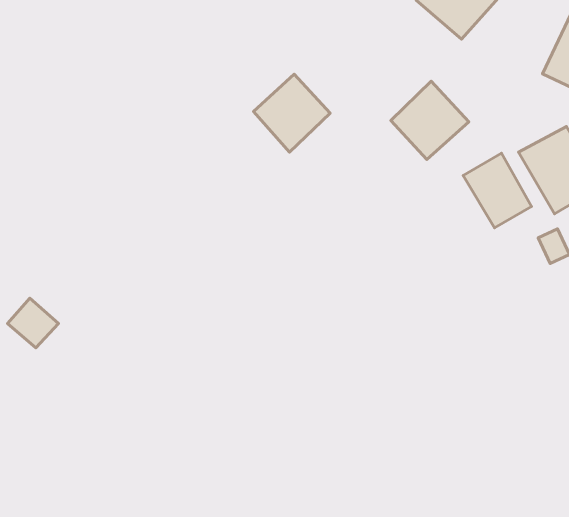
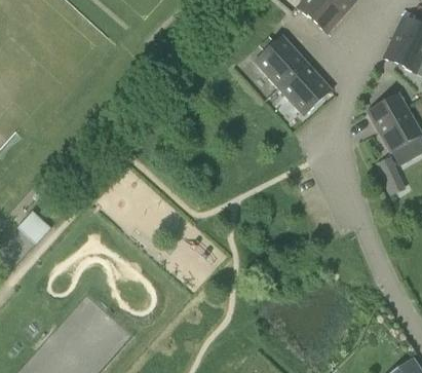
building: [253,74,330,152] -> [255,35,307,88]
building: [463,153,531,228] -> none

